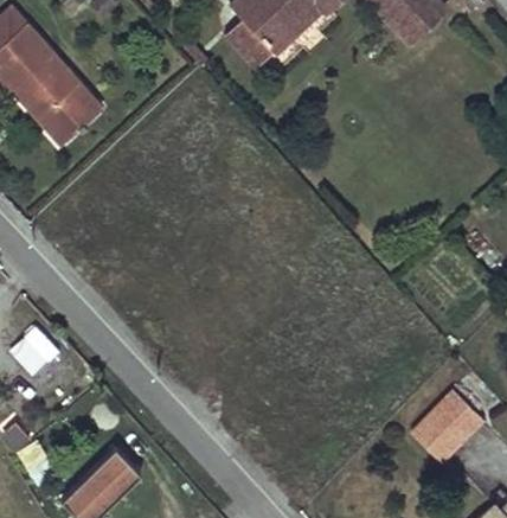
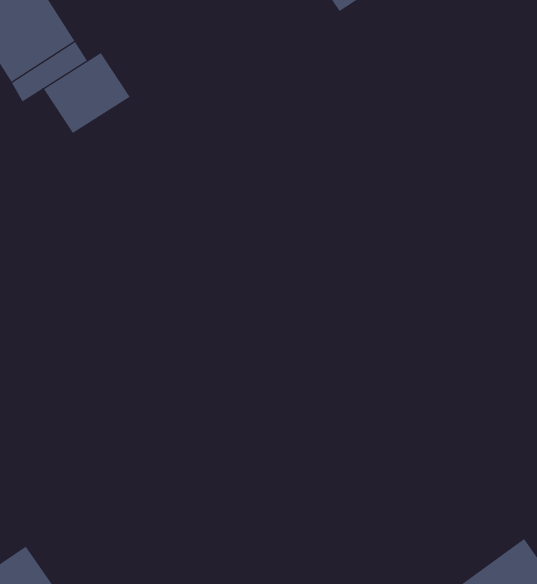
building: none -> [43,52,131,134]

